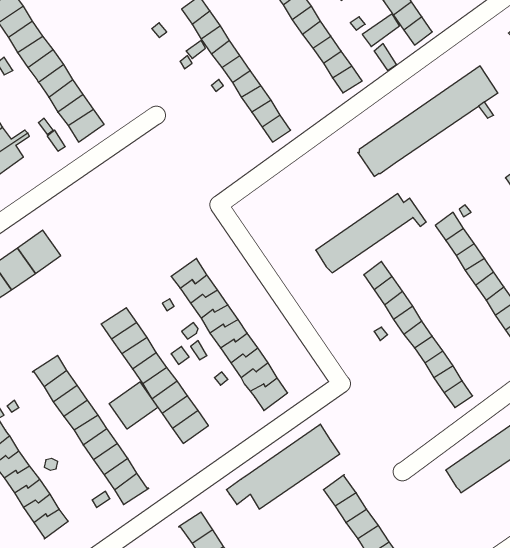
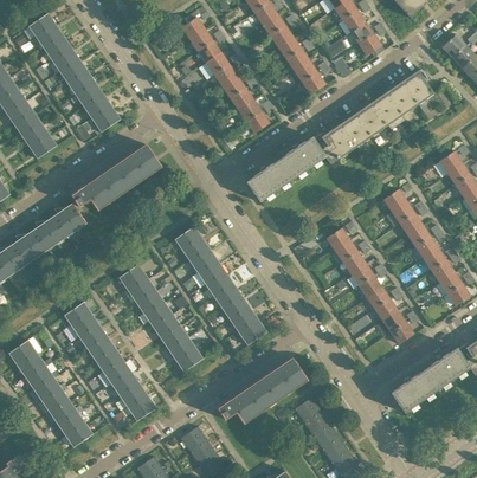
building: none -> [71,144,161,211]
building: [316,194,426,273] -> [247,137,335,200]
building: [109,382,158,429] -> none

